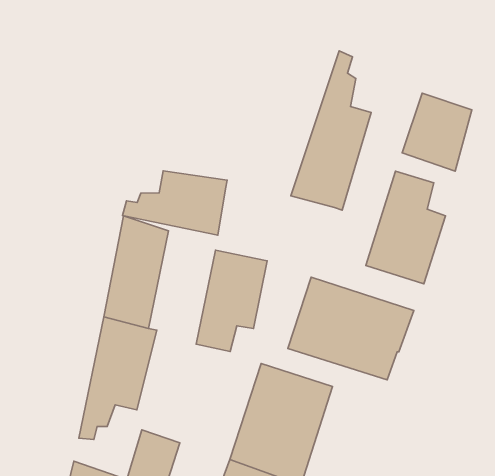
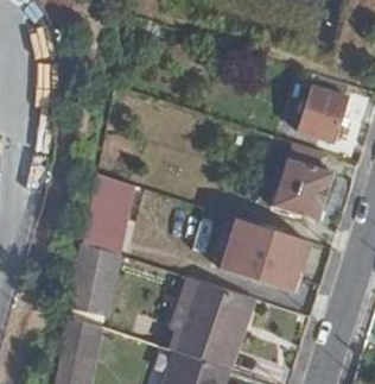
building: [291,51,371,210] -> none
building: [122,171,227,235] -> none
building: [196,250,267,352] -> none

